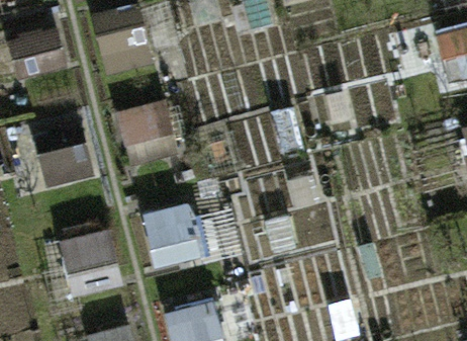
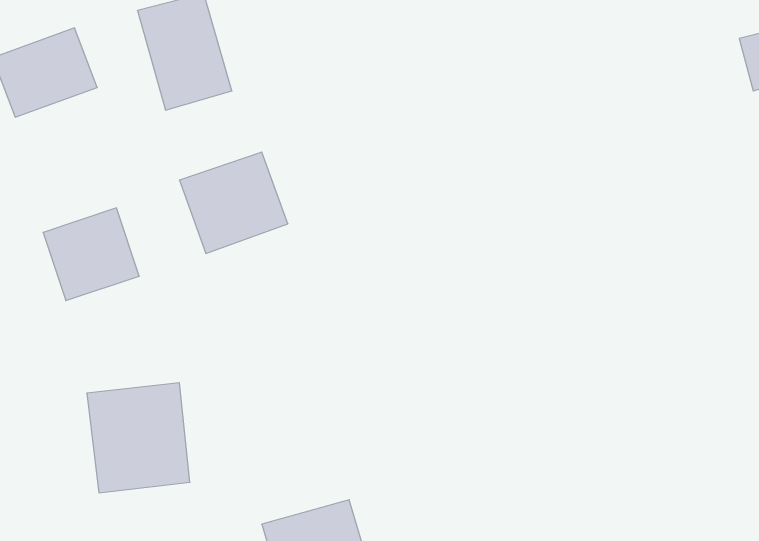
building: [143,204,239,270] -> none

